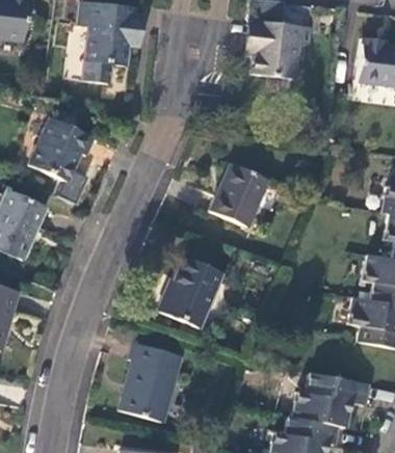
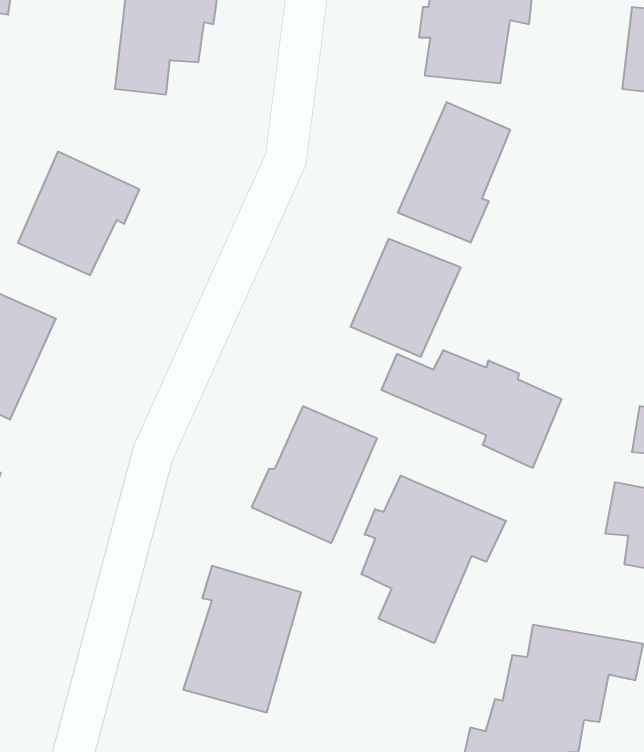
building: none -> [398,102,510,243]
building: none -> [382,350,562,468]
building: none -> [361,476,506,643]

